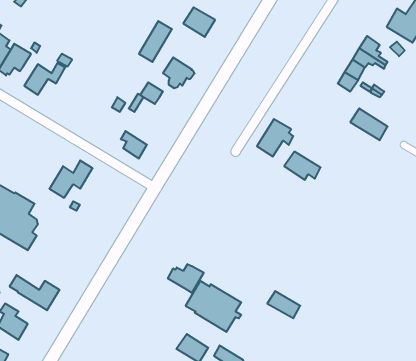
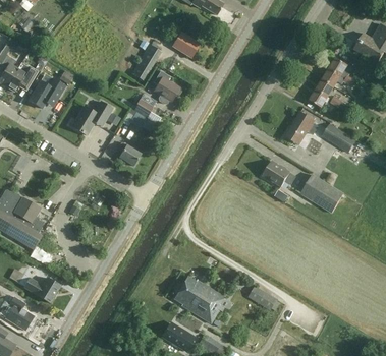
building: [257,119,293,156] -> [284,110,317,143]
building: [49,160,93,198] -> [72,102,111,135]
building: none -> [299,172,342,210]
building: [168,264,204,293] -> none

